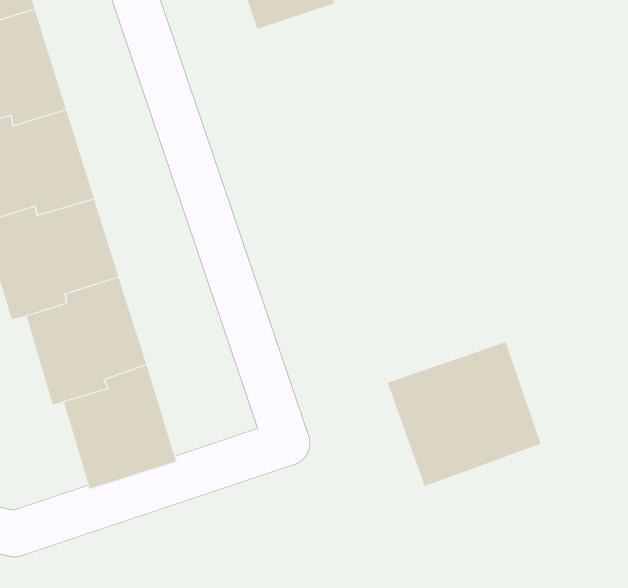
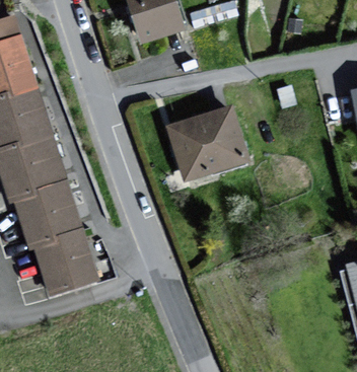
building: [387,341,542,487] -> [164,105,248,184]

